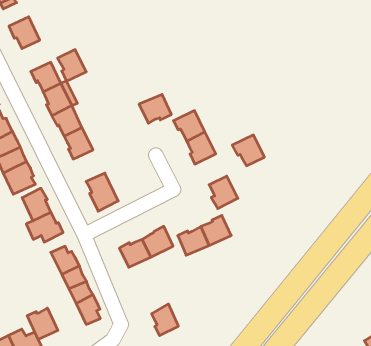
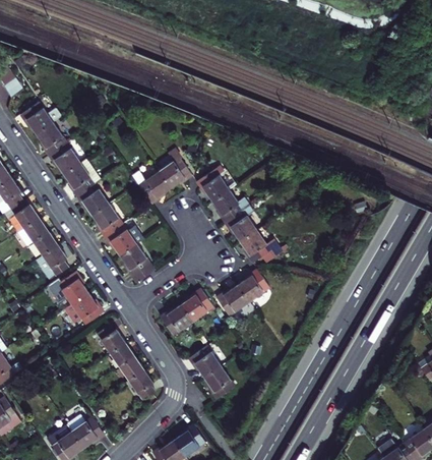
building: [58,50,86,81] -> [36,123,66,156]
building: none -> [139,172,172,206]
building: [232,135,264,166] -> [224,210,257,241]
building: none -> [103,224,136,256]
building: none -> [188,346,219,378]
building: [27,308,58,340] -> none

